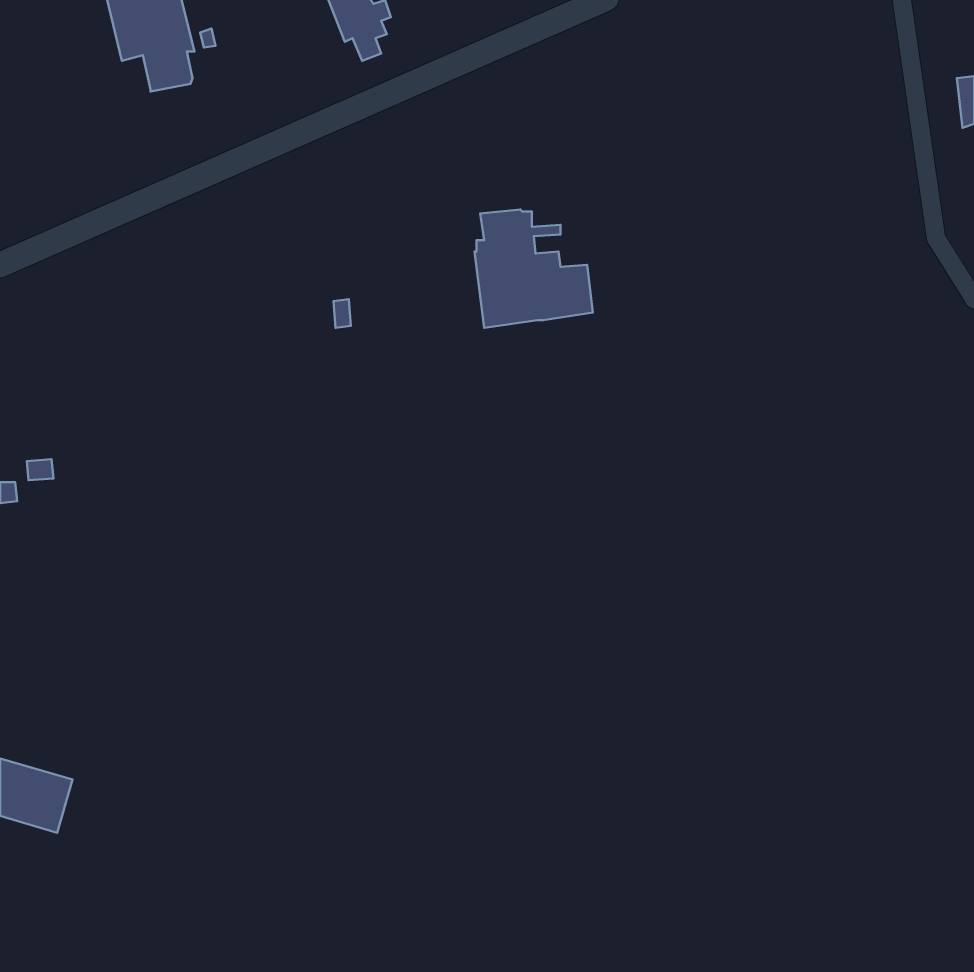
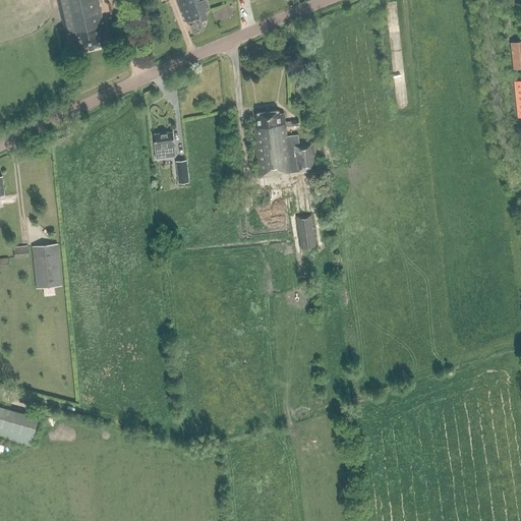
building: none -> [154,131,175,158]
building: none -> [296,214,315,248]
building: none -> [33,243,62,287]

